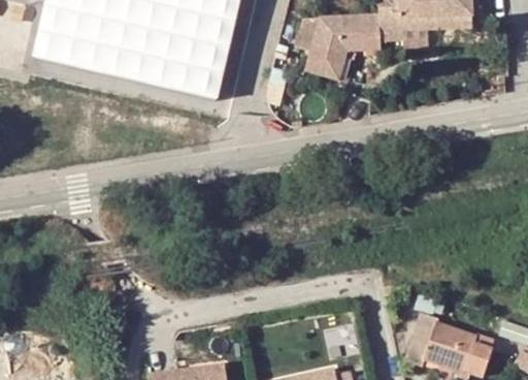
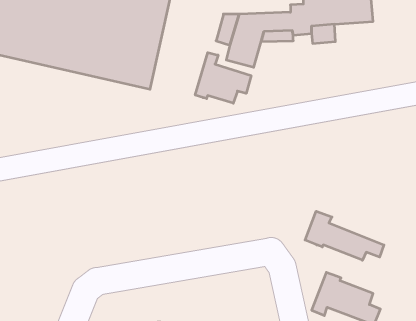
building: none -> [195,53,251,103]
building: none -> [305,211,384,260]

